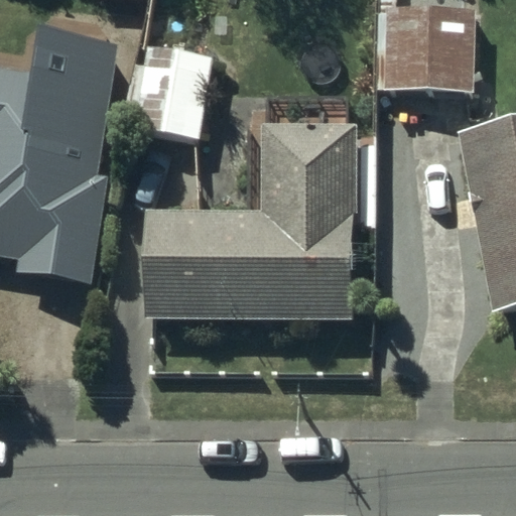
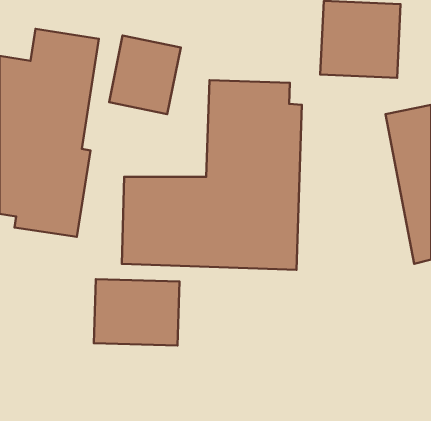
building: none -> [94,279,179,345]

